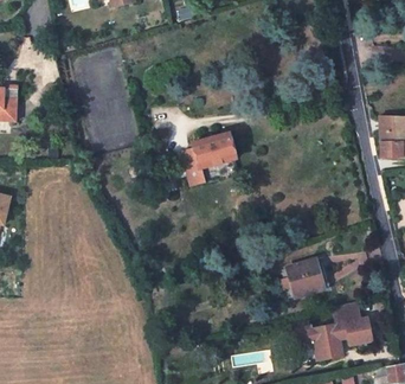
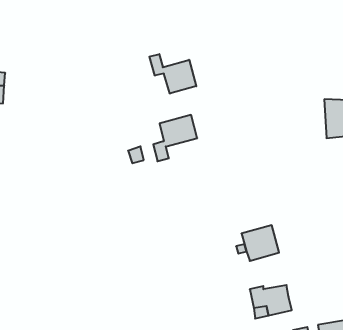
building: none -> [149,54,196,94]
building: [333,301,373,343] -> none

